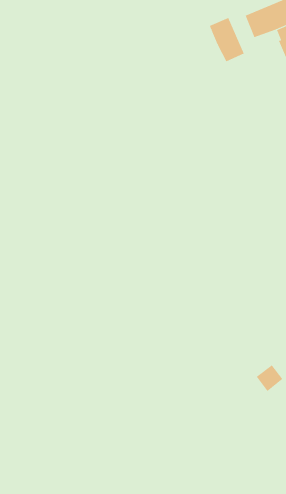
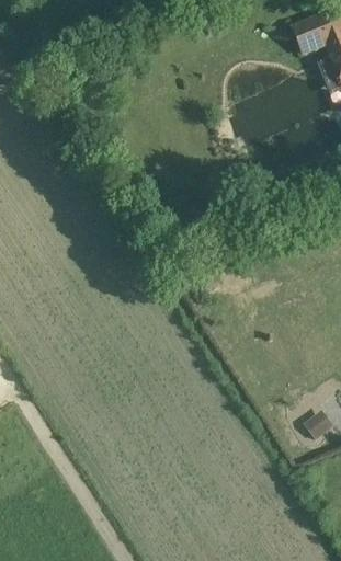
building: [209,17,244,62] -> none

